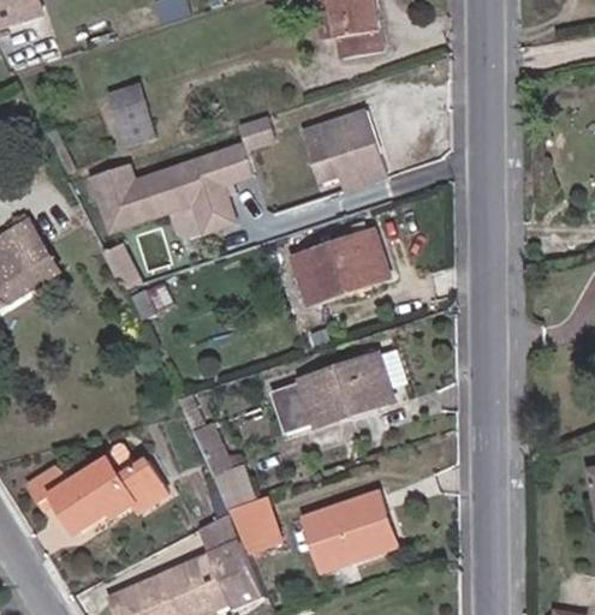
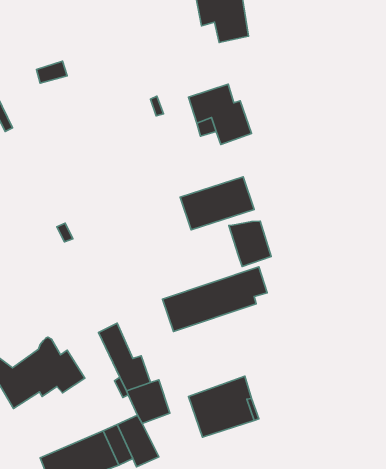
building: [111,102,157,148] -> none
building: [95,139,261,239] -> none
building: none -> [229,221,271,266]

